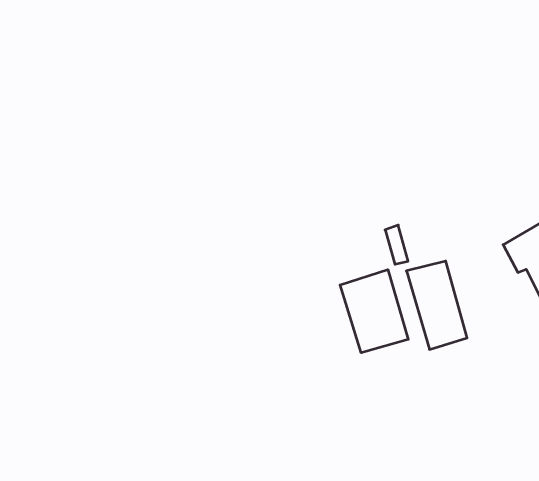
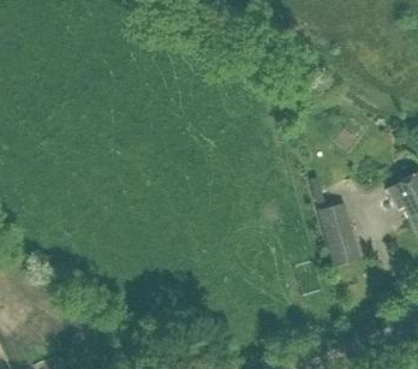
building: [340,270,408,353] -> none

